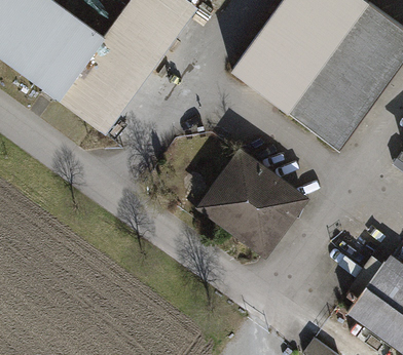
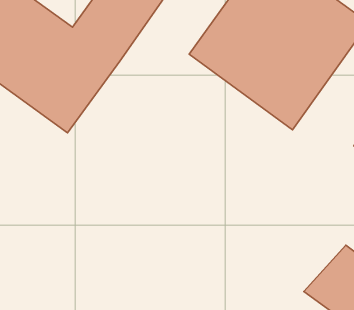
building: [182,142,314,262] -> none

